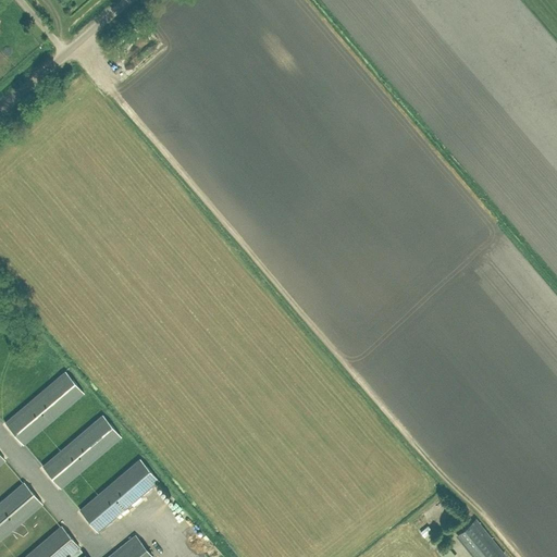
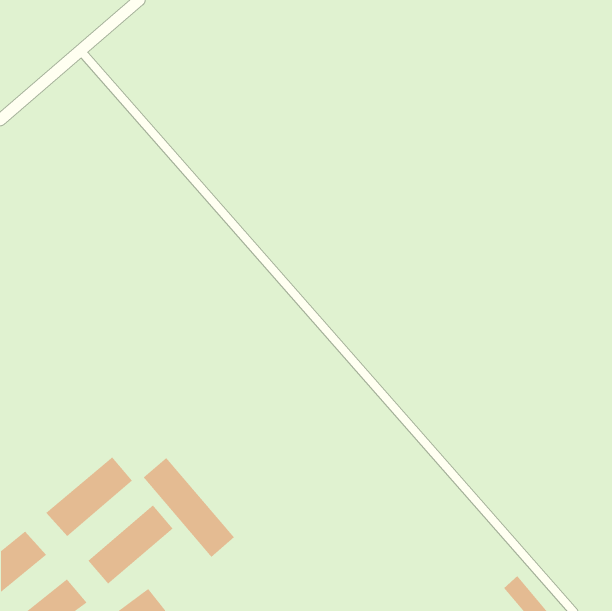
building: [4,372,84,445] -> none
building: none -> [143,457,235,558]

